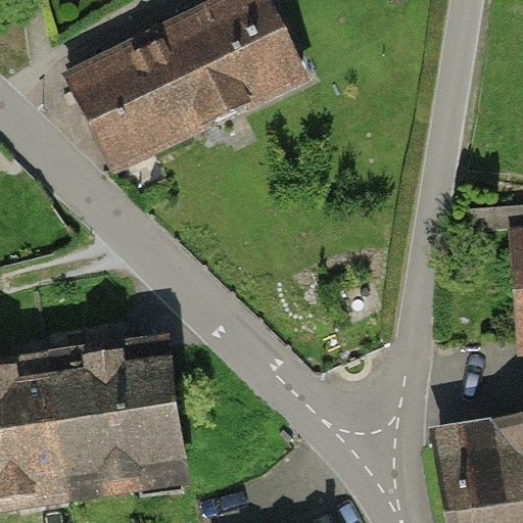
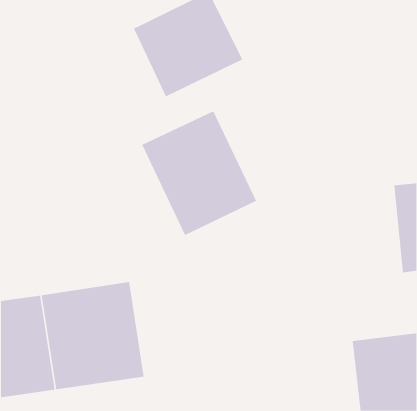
building: [72,36,207,167] -> none
building: none -> [141,110,257,236]

